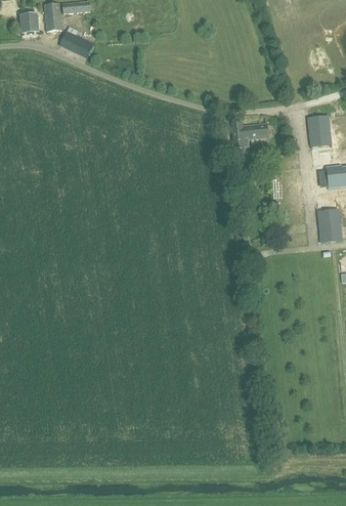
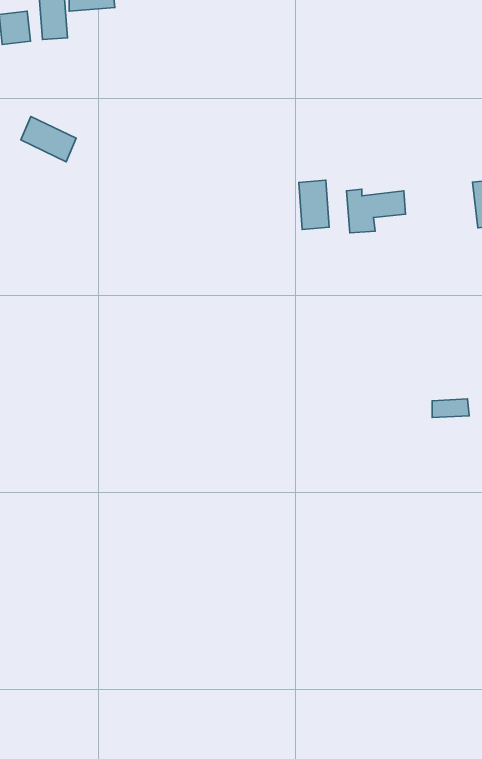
building: [59,31,93,58] -> [21,116,76,162]
building: none -> [299,180,329,229]

